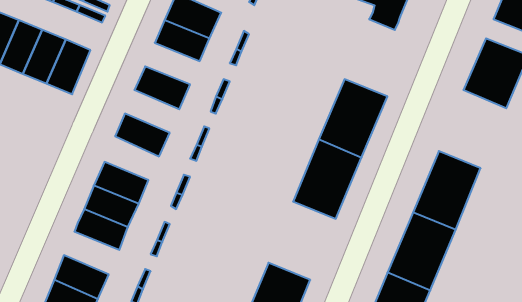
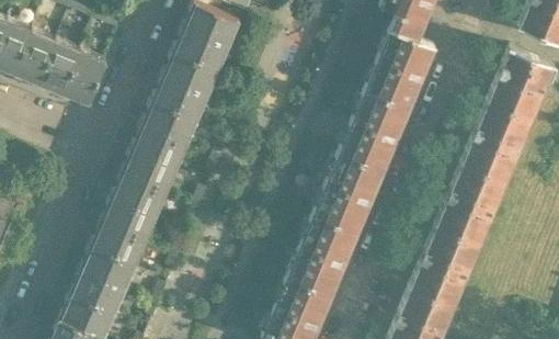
building: none -> [366,31,435,110]
building: none -> [162,55,218,98]
building: none -> [141,103,197,147]
building: none -> [463,103,532,183]
building: none -> [121,150,176,195]
building: none -> [288,217,357,297]
building: none -> [79,248,136,292]

